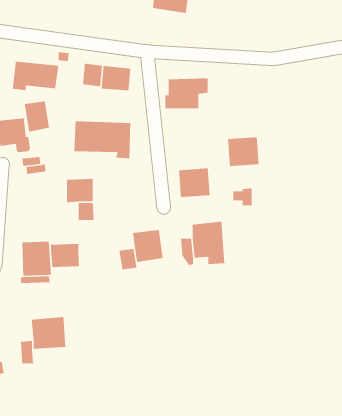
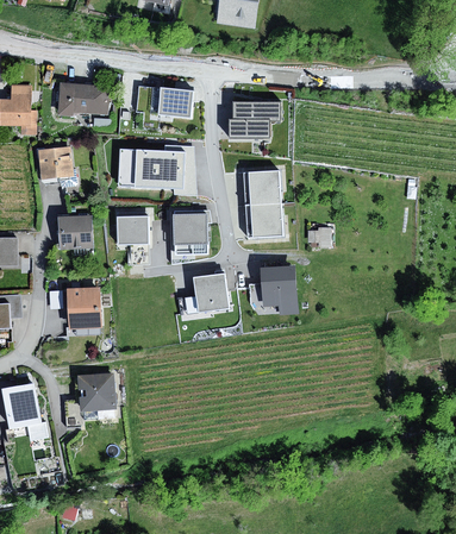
building: [24,100,50,132] -> none
building: [227,137,260,167] -> [243,171,280,206]
building: none -> [58,215,94,249]
building: none -> [175,215,208,255]
building: [50,243,79,268] -> none

